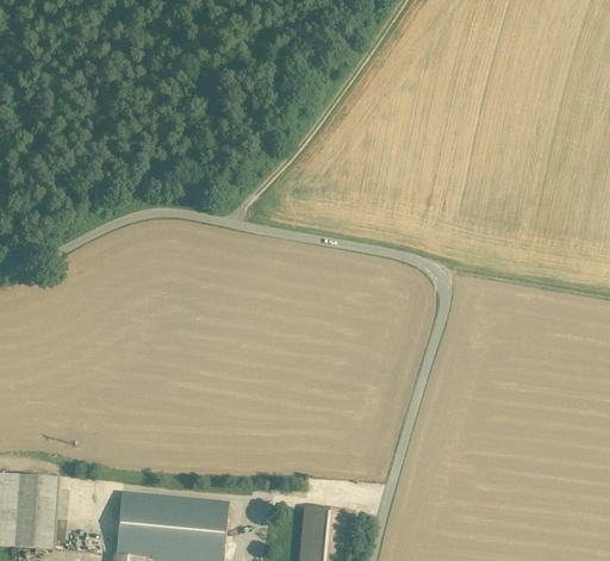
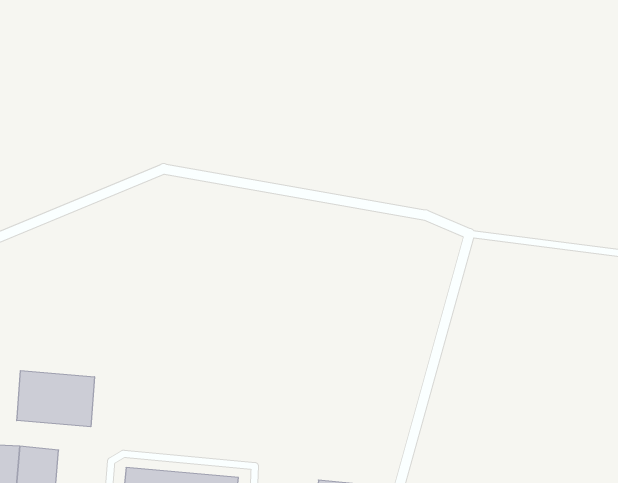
building: none -> [17,371,94,427]

